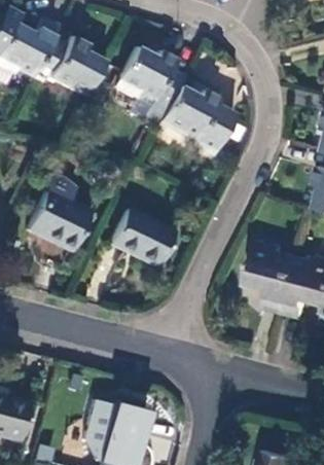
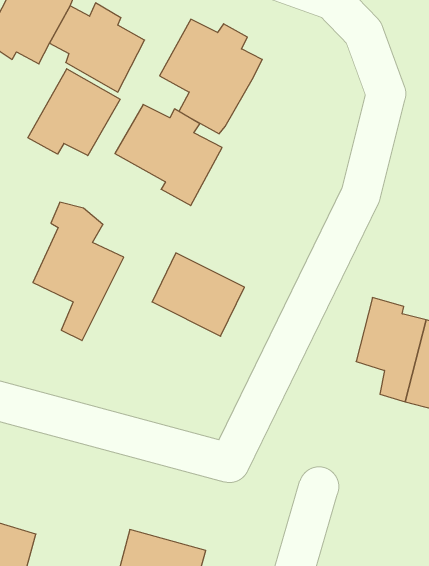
building: none -> [28,69,120,156]
building: [158,86,232,156] -> [115,104,222,206]

